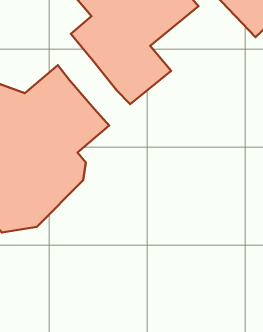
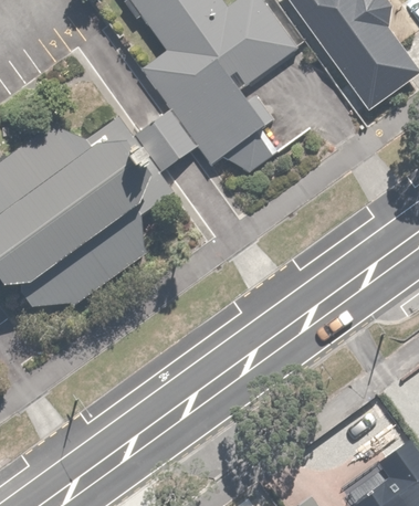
building: none -> [136,110,192,170]

